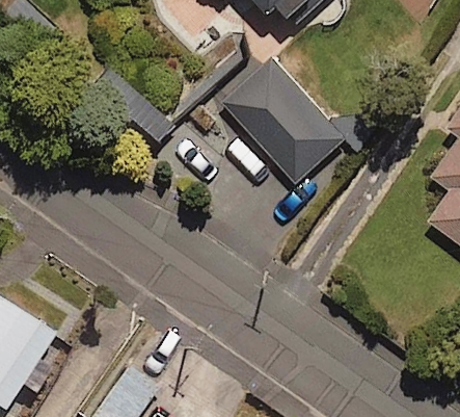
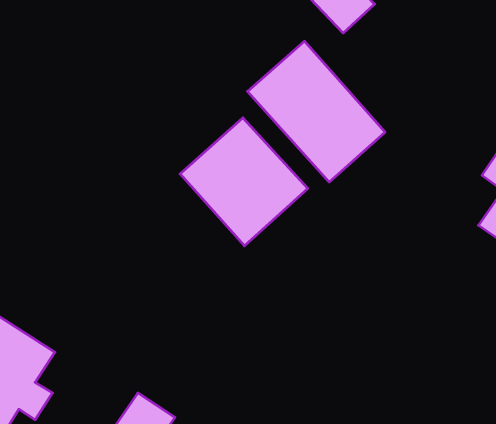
building: none -> [180,118,308,246]

